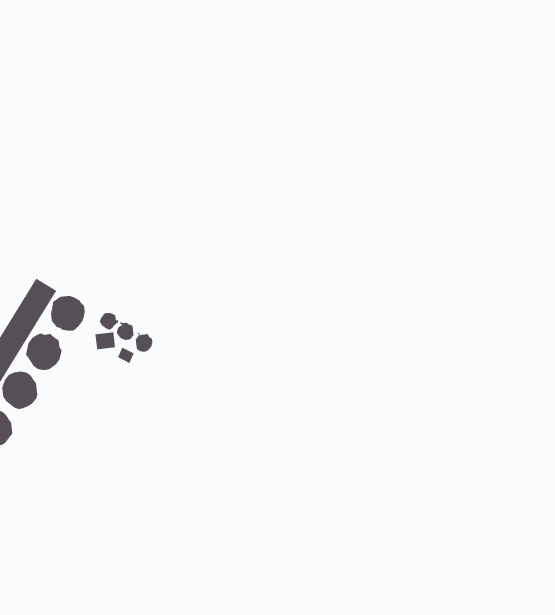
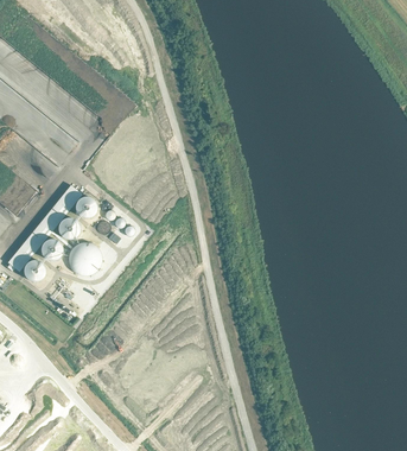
building: none -> [68,242,103,275]

